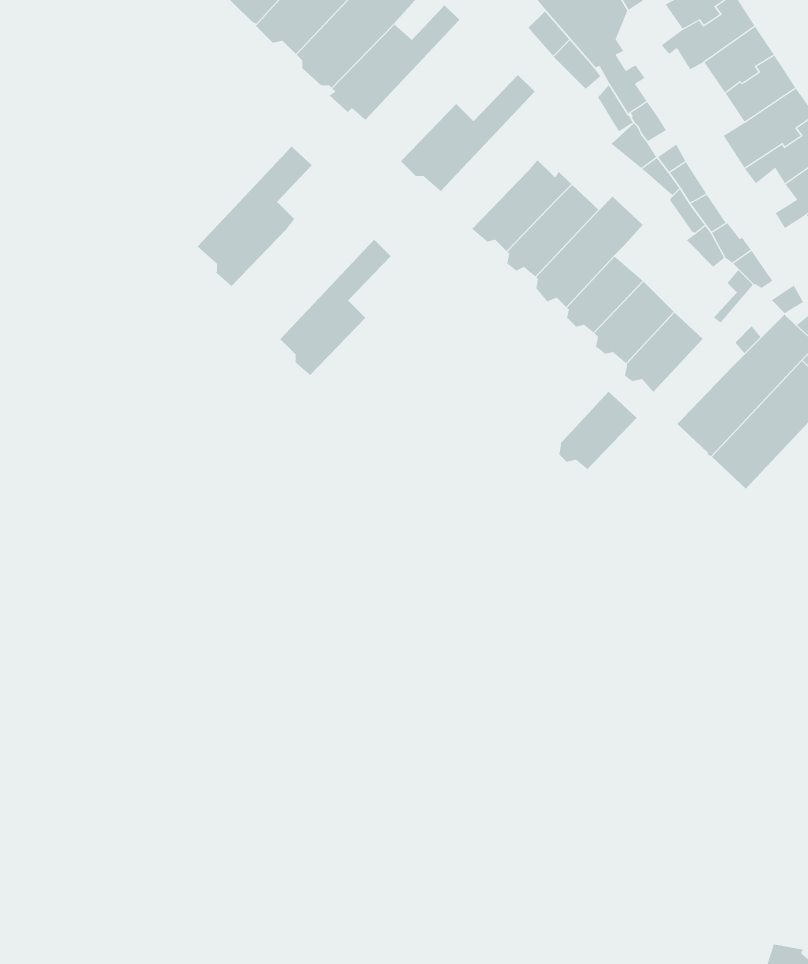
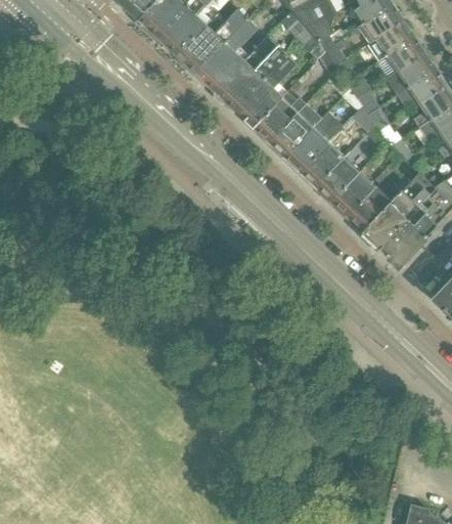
building: [197,146,313,287] -> [196,16,258,91]
building: [279,239,391,376] -> [236,54,296,127]
building: [558,391,638,470] -> [349,185,391,227]

